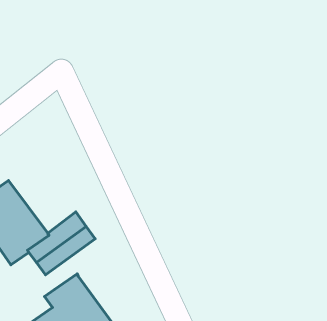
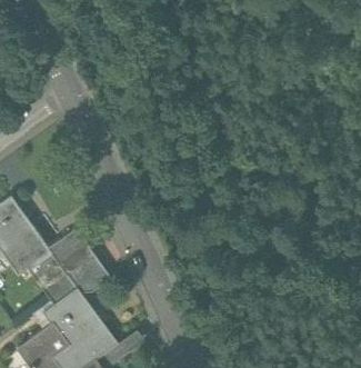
building: none -> [47,256,112,306]

